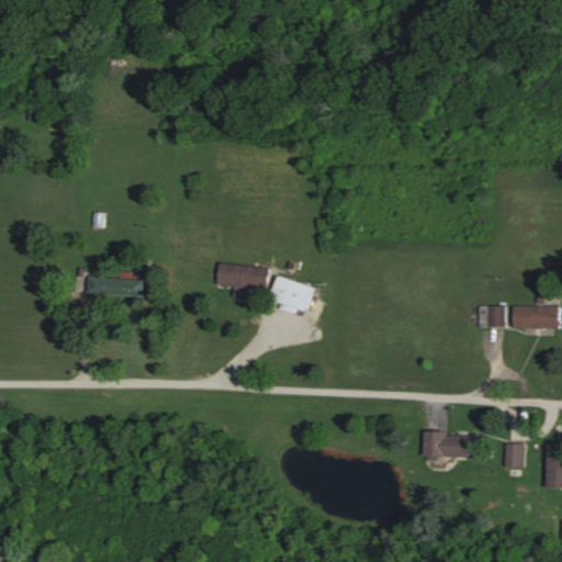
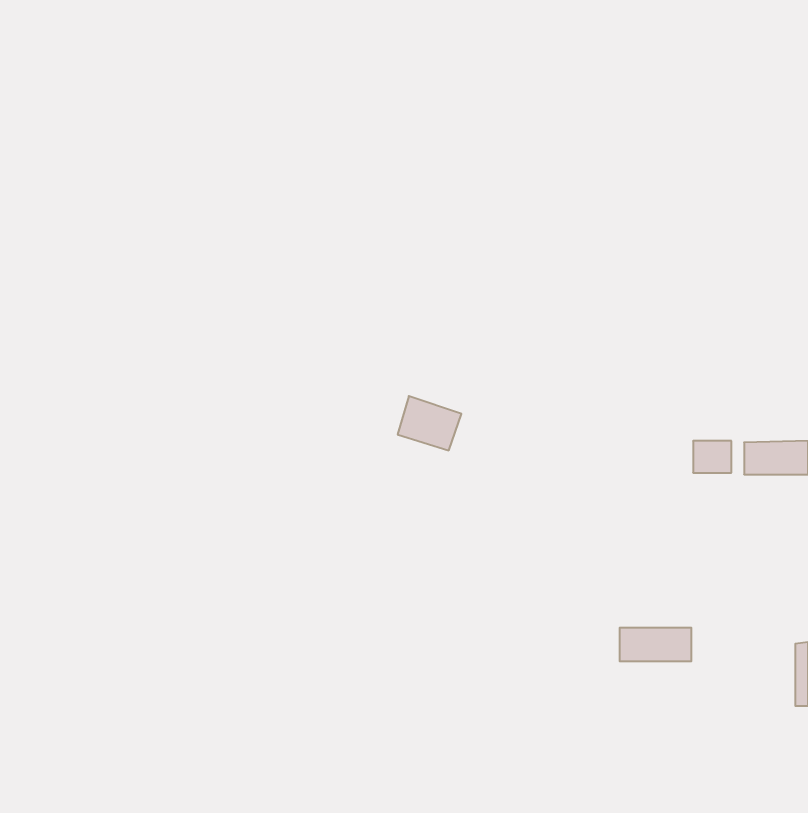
building: [216,262,270,296] -> none
building: [87,277,142,296] -> none
building: [503,443,524,467] -> none

